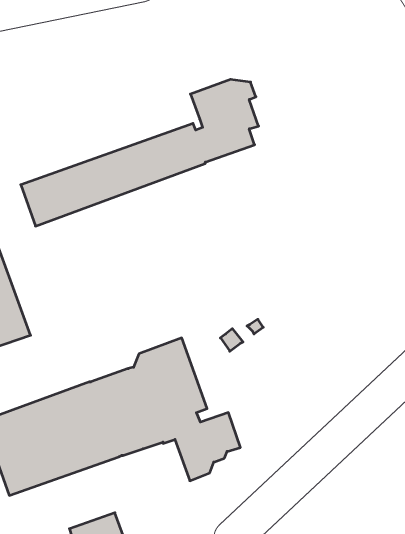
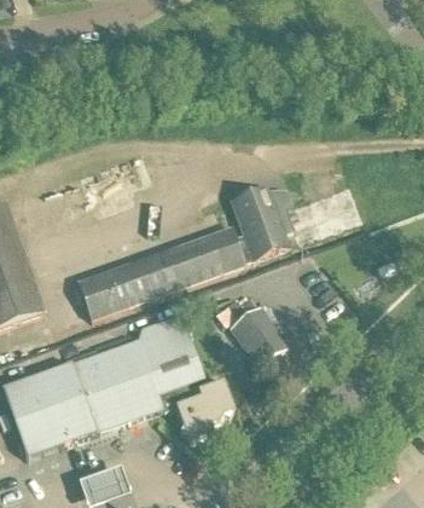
building: [21,79,259,226] -> [76,187,291,321]
building: none -> [228,306,286,368]

